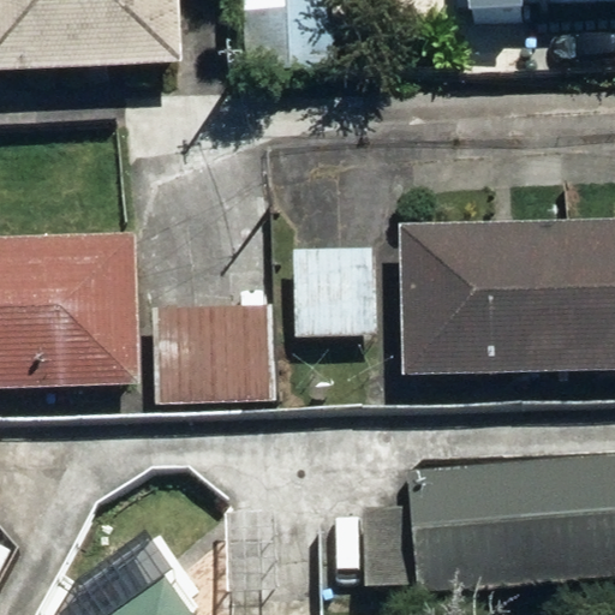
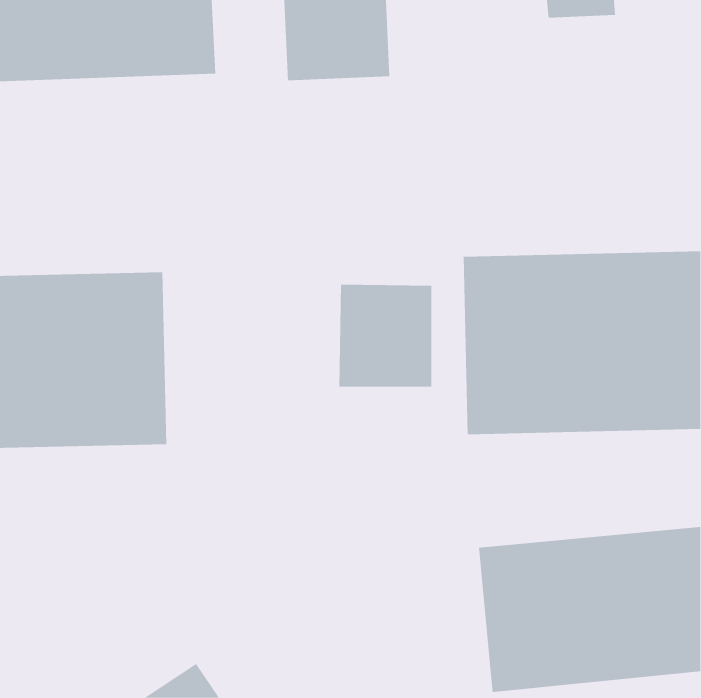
building: [155,304,268,400] -> none

